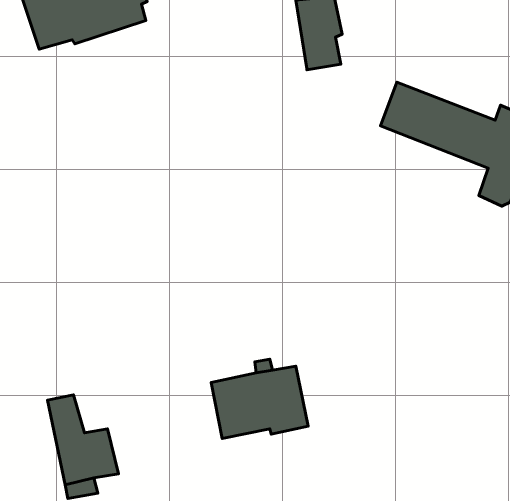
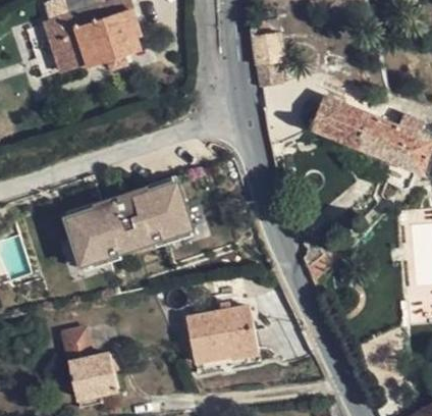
building: none -> [63,175,191,264]

